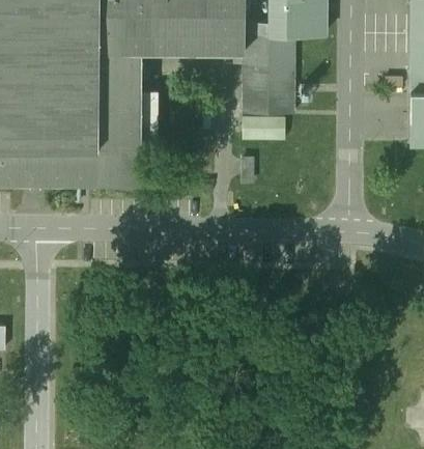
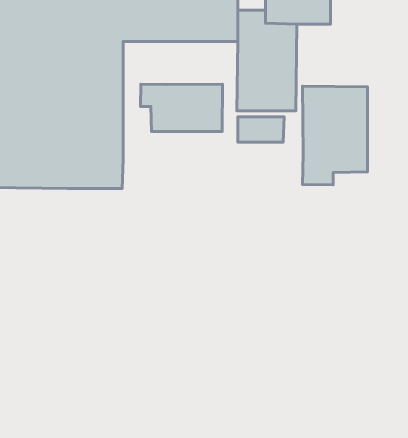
building: none -> [141,84,223,132]
building: none -> [303,86,368,185]

